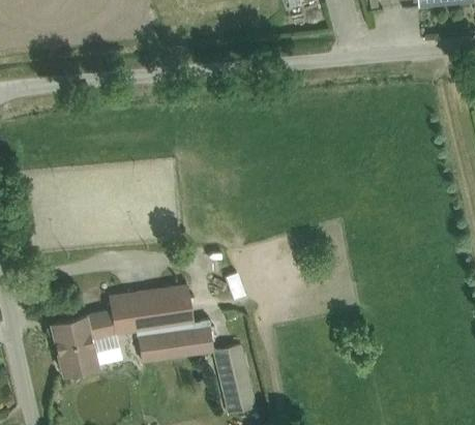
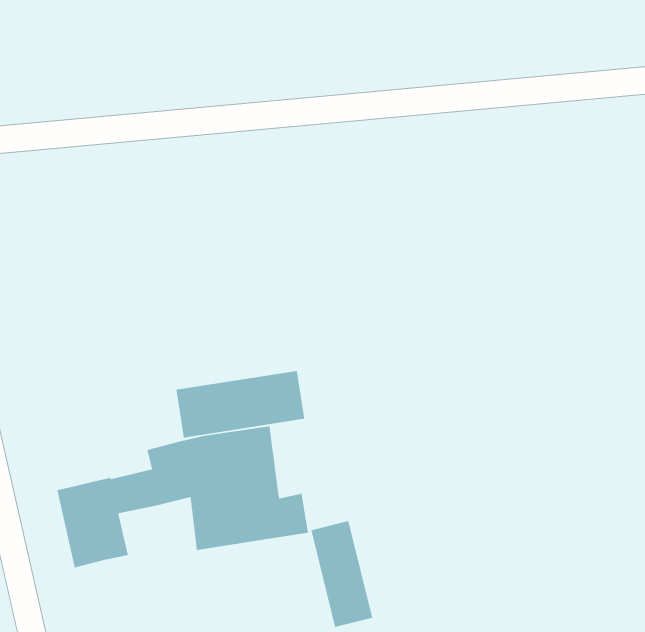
building: none -> [176,370,305,438]

